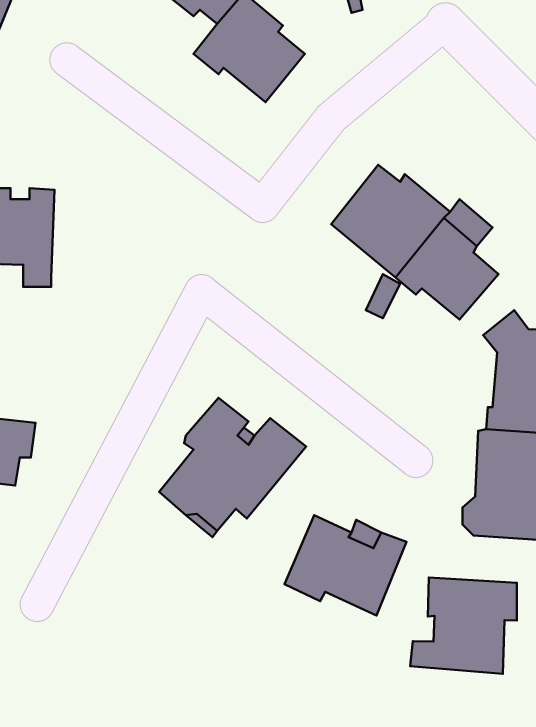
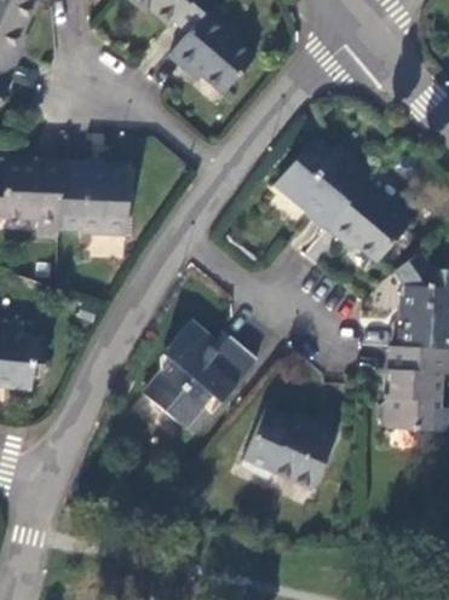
building: none -> [58,161,128,232]
building: [410,577,517,674] -> none

